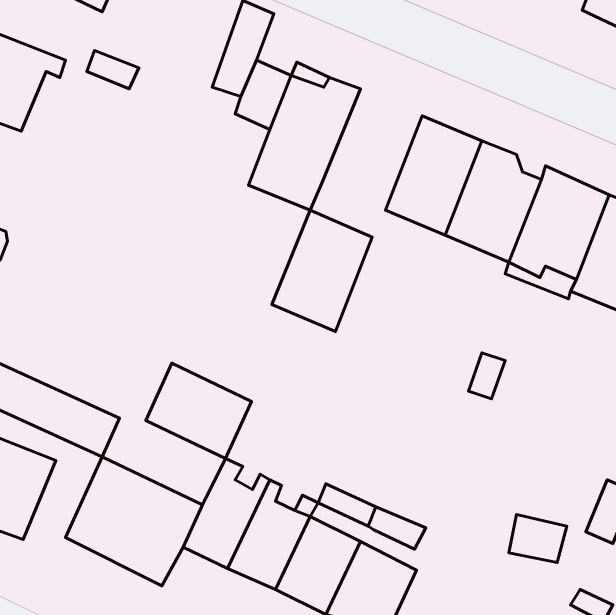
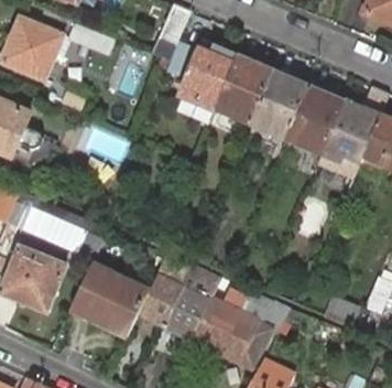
building: [272,210,372,332] -> [218,53,275,122]
building: [146,363,251,459] -> none

